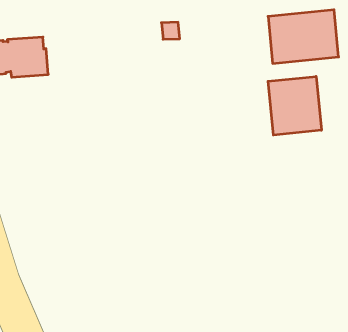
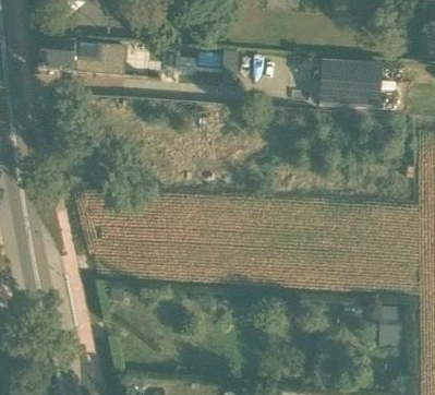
building: [268,76,321,135] -> none

